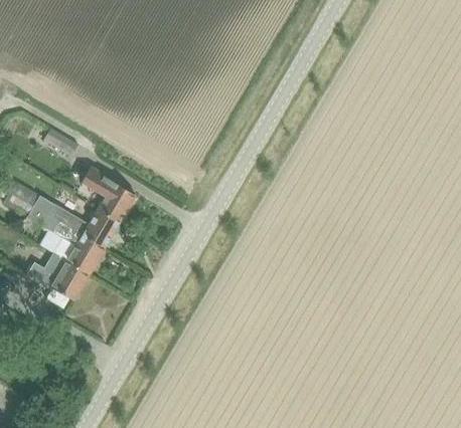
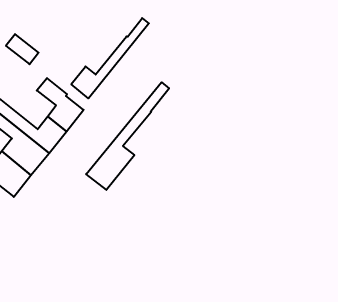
building: none -> [71,18,149,98]
building: none -> [86,82,169,190]

